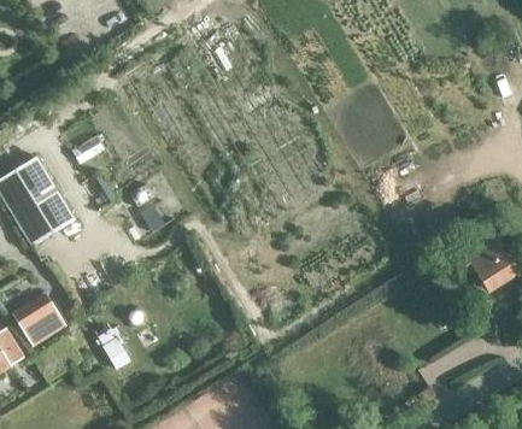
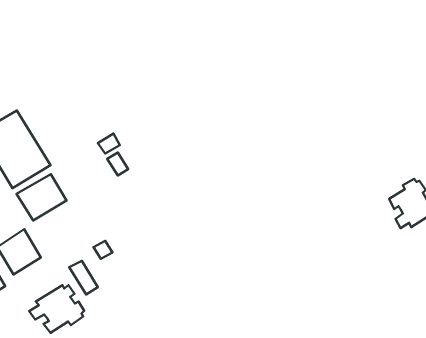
building: none -> [16,174,67,221]
building: none -> [29,285,84,333]

